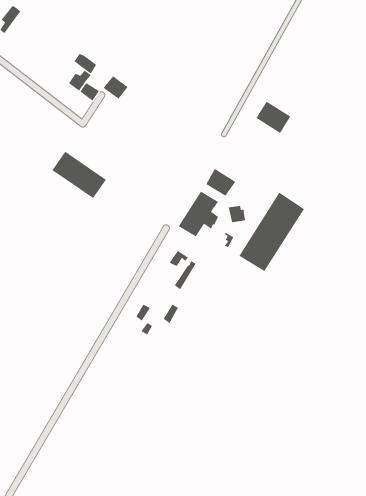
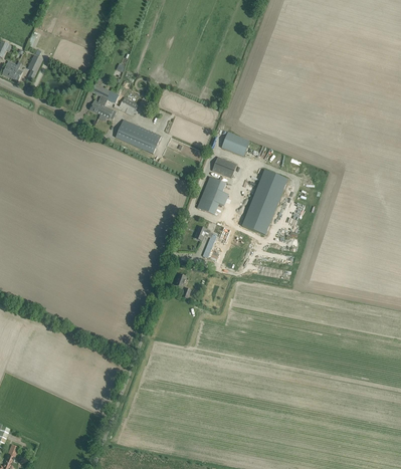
building: [255,101,291,134] -> [221,132,249,156]
building: [51,151,107,199] -> [115,119,160,153]

